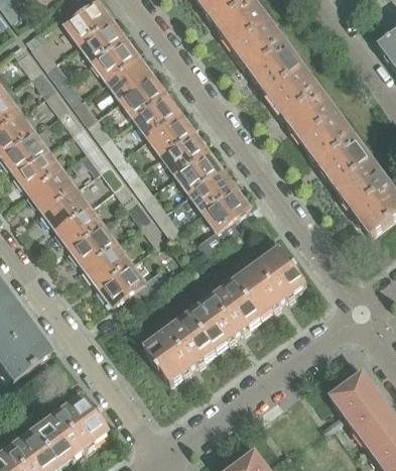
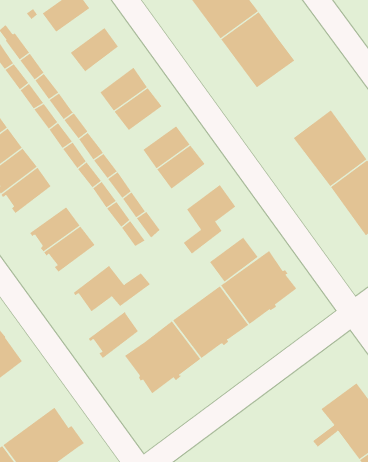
building: [78,16,124,58] -> none
building: [105,52,151,96] -> none
building: [267,66,338,139] -> none
building: [146,109,191,150] -> none
building: [186,163,233,207] -> [209,237,258,283]
building: [39,185,88,229] -> none
building: [80,240,128,285] -> [88,311,139,359]

